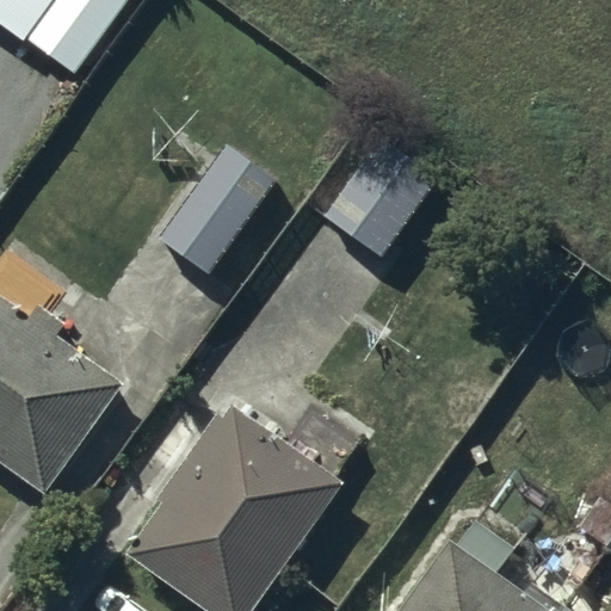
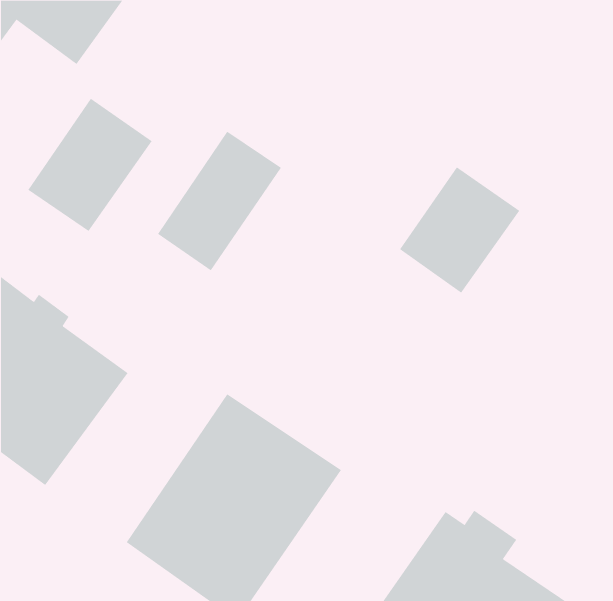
building: none -> [28,98,152,232]
building: [321,135,442,261] -> [399,166,520,294]

